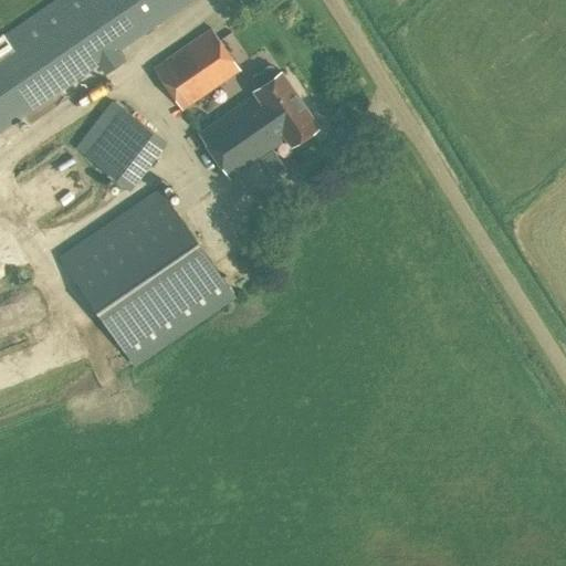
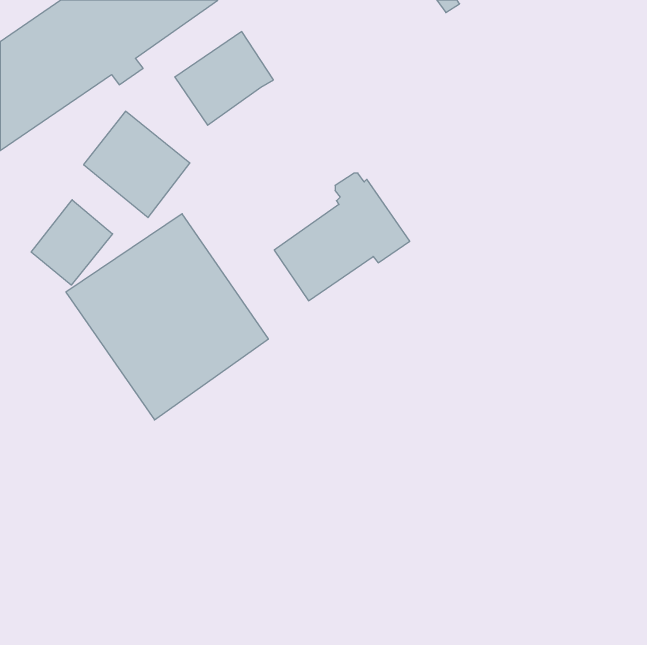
building: [199,66,317,178] -> [274,173,410,301]
building: none -> [31,200,113,285]

